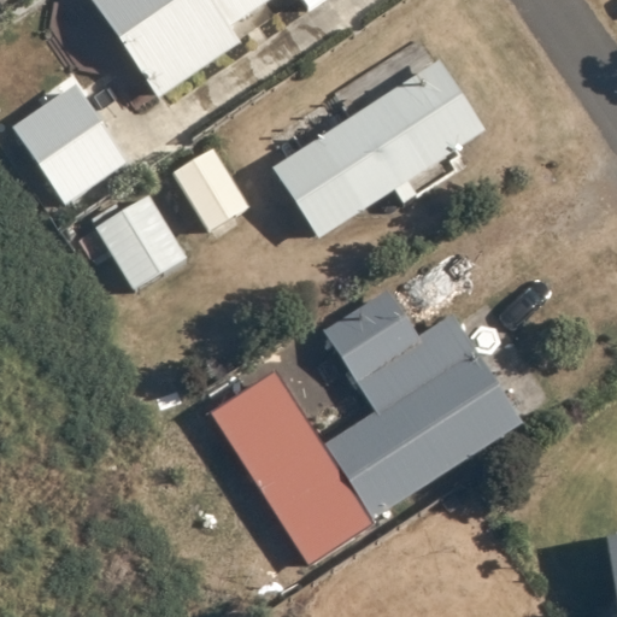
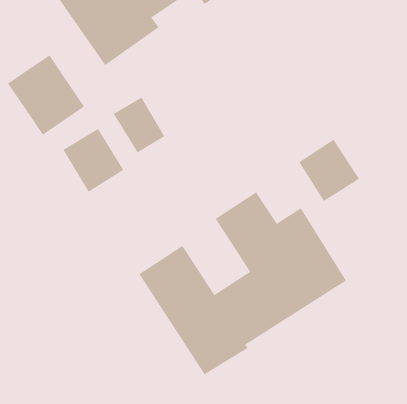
building: [271,60,484,240] -> none
building: none -> [298,139,360,202]

